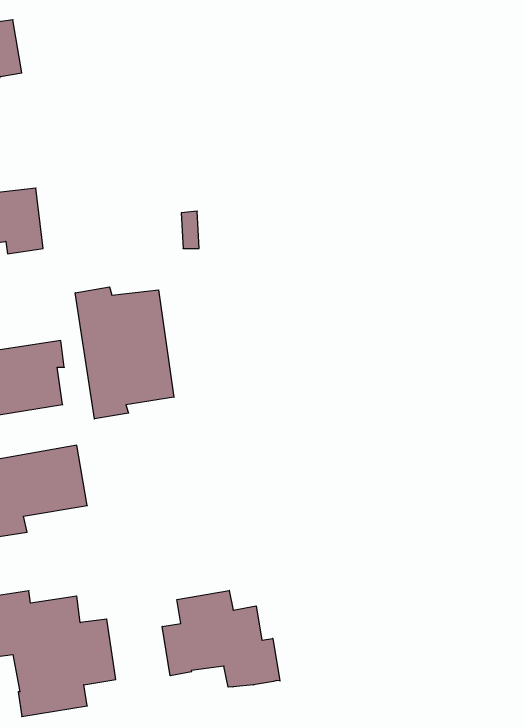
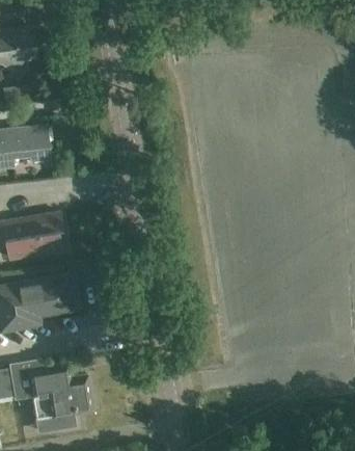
building: [75,287,174,419] -> none
building: [162,590,280,687] -> none

